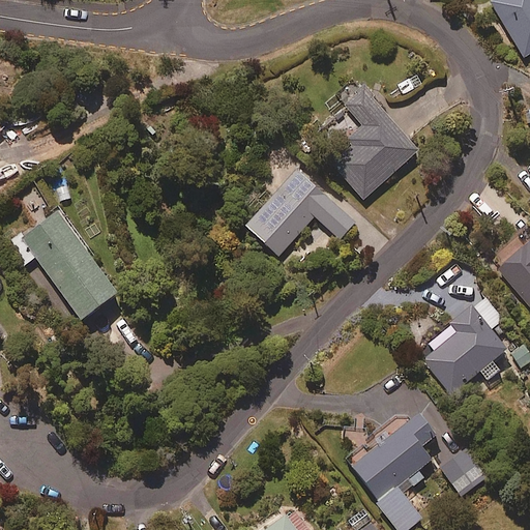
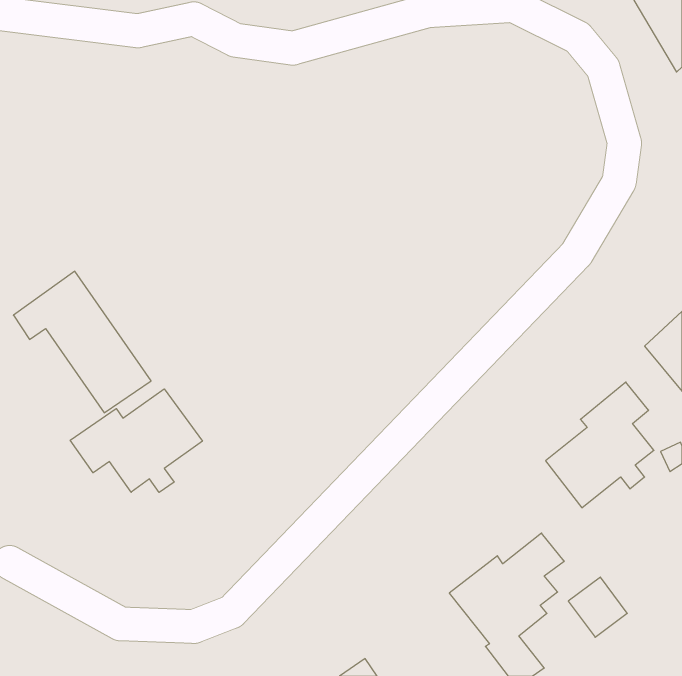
building: [332,92,417,199] -> none
building: [245,170,354,256] -> none
building: none -> [70,389,202,492]

